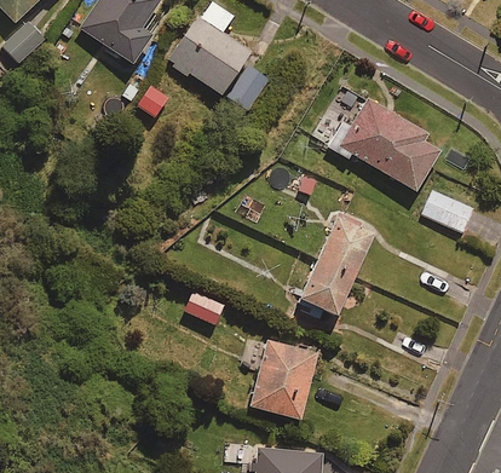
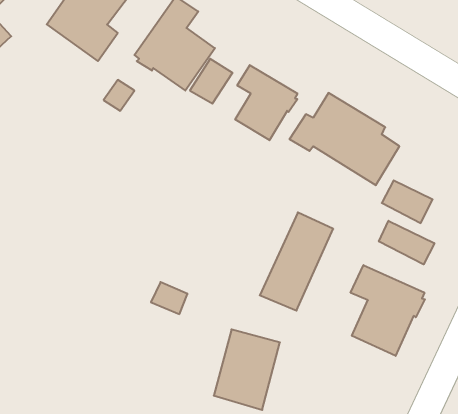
building: none -> [235,65,297,140]
building: none -> [379,221,434,264]
building: none -> [351,265,425,356]

